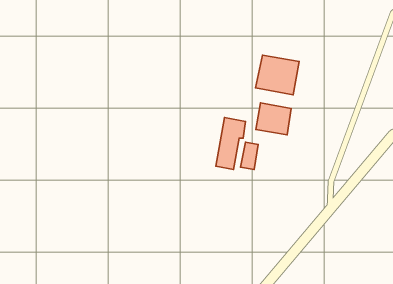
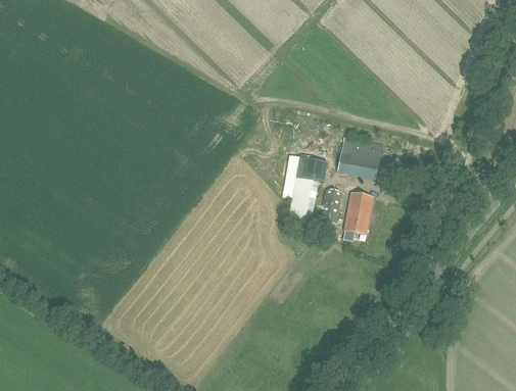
building: [256,55,299,95] -> none
building: none -> [344,194,372,235]

